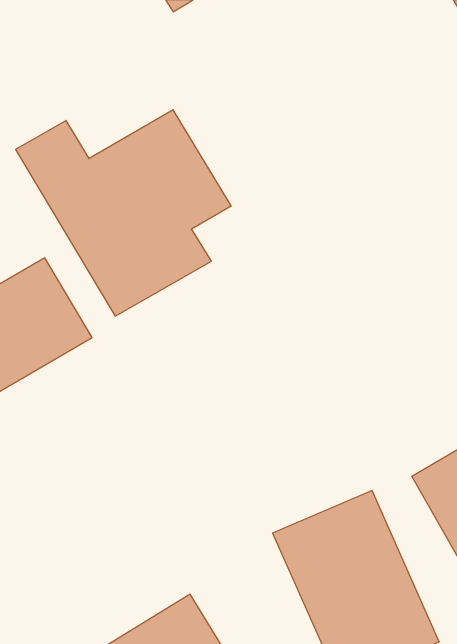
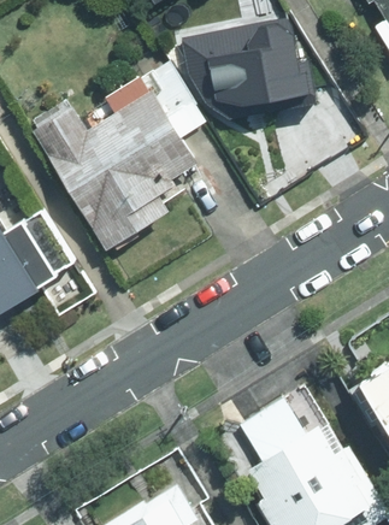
building: none -> [190,34,316,128]

